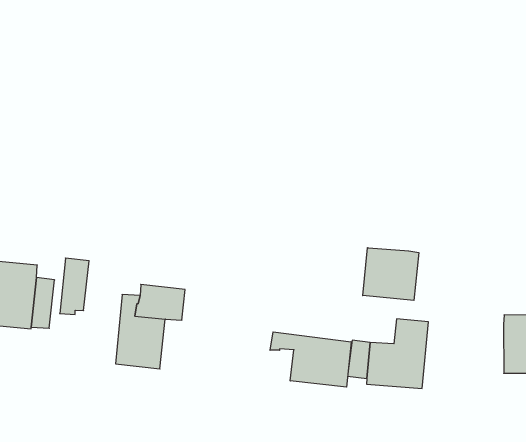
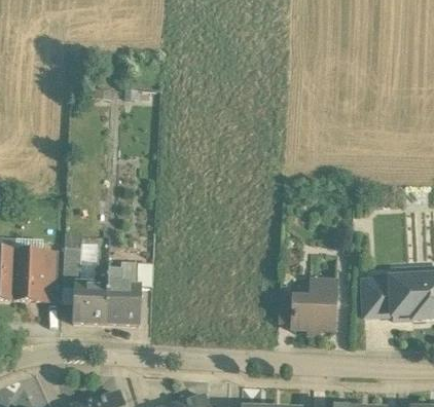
building: [363,248,419,300] -> none
building: none -> [73,270,108,323]
building: none -> [363,279,393,316]
building: [270,332,351,387] -> none

